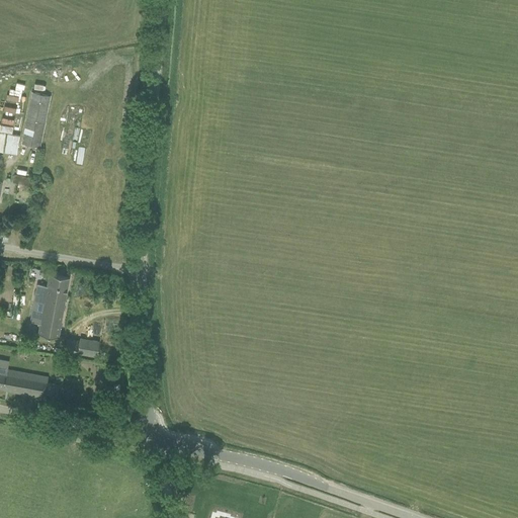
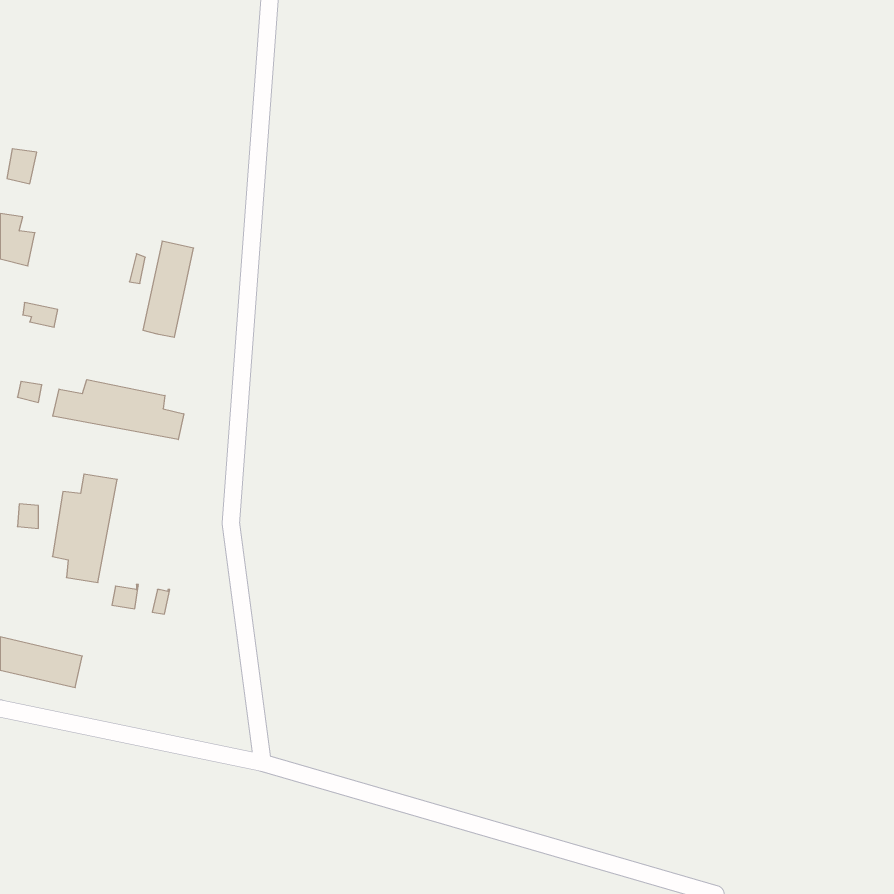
building: [21,92,51,148] -> [143,241,194,337]
building: none -> [53,380,184,440]

